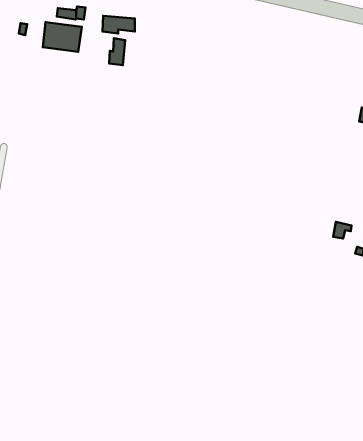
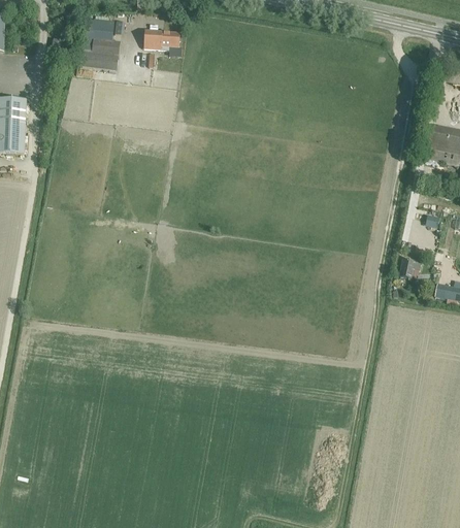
building: [109,38,125,65] -> none

